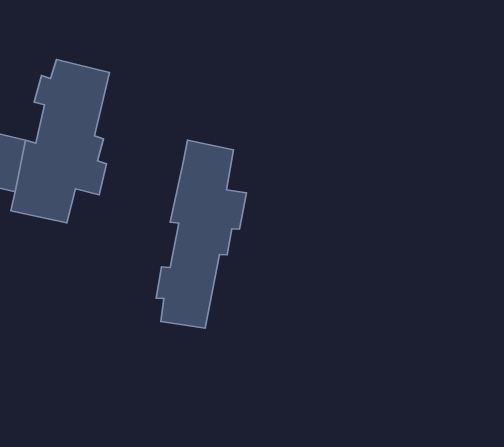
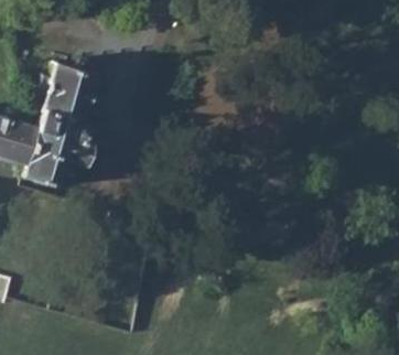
building: [156,140,246,328] -> none

